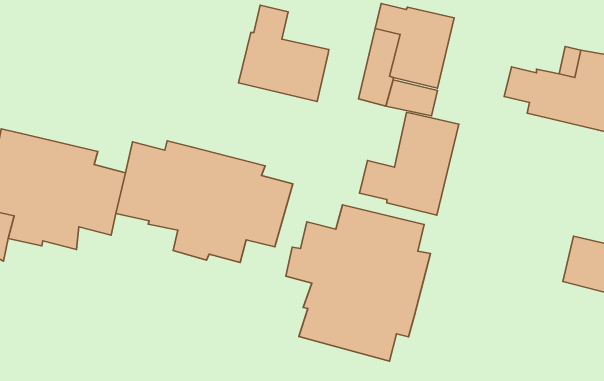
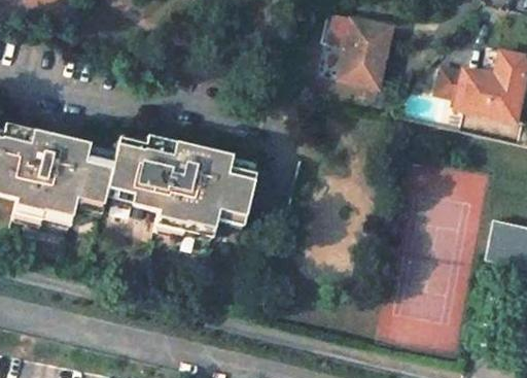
building: [239,5,329,102] -> none
building: [360,113,459,215] -> none
building: [286,205,430,361] -> none

